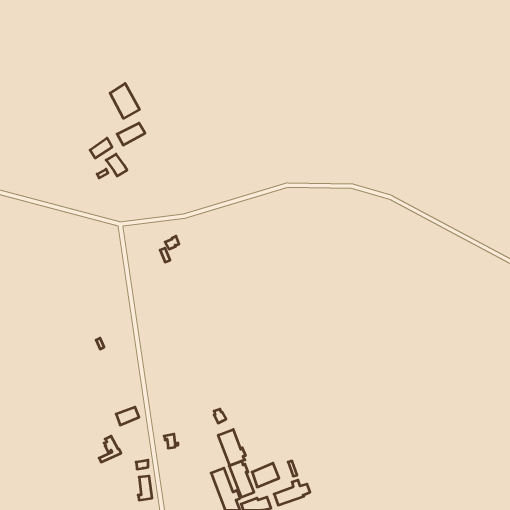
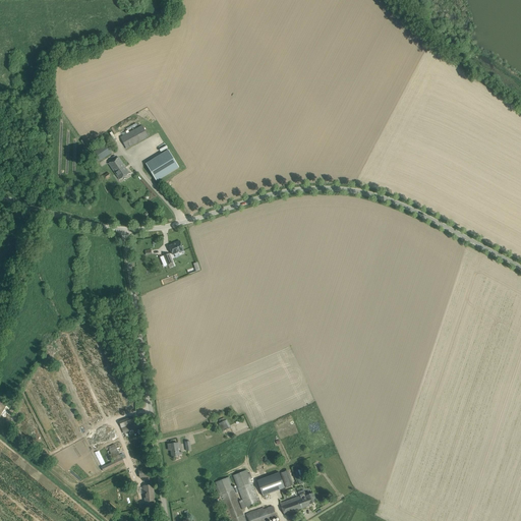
building: [110,83,139,118] -> none
building: none -> [146,150,178,180]
building: [218,429,245,466] -> none

